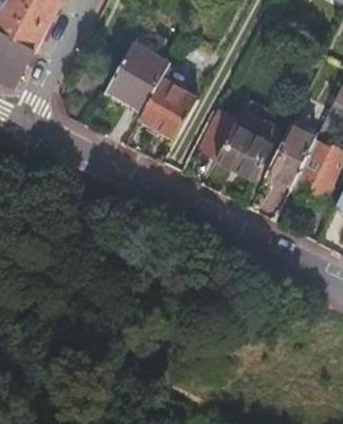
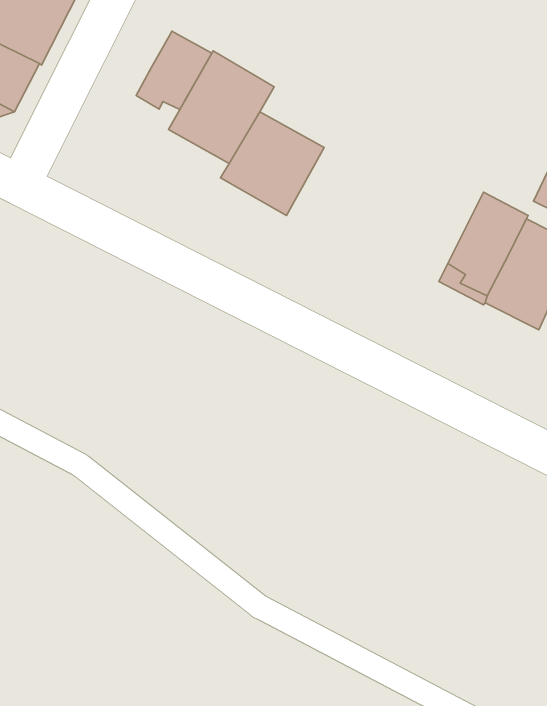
building: none -> [136,31,212,110]
building: [199,111,280,179] -> none

